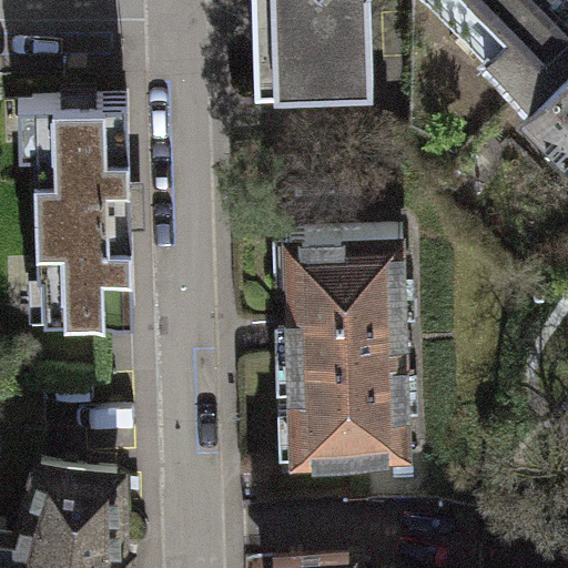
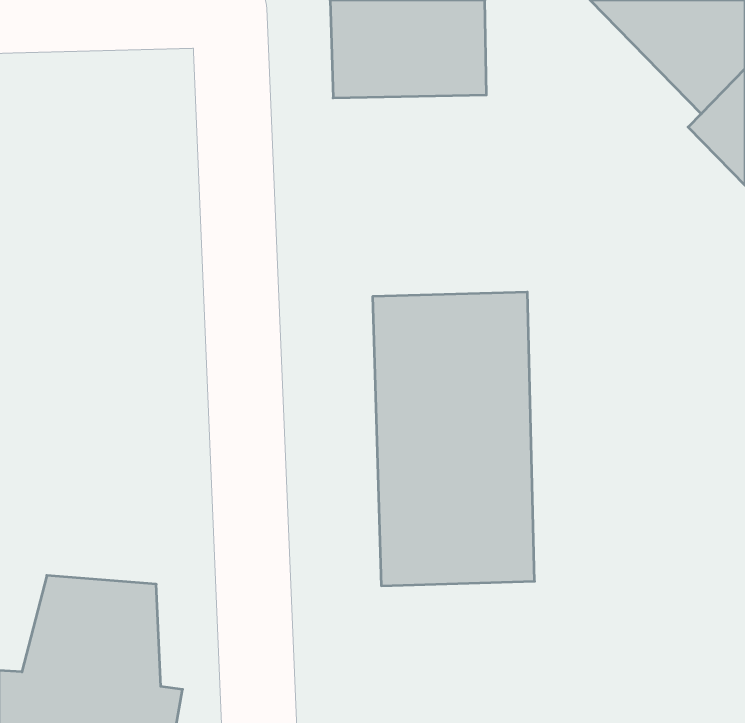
building: [19,88,132,320] -> none

